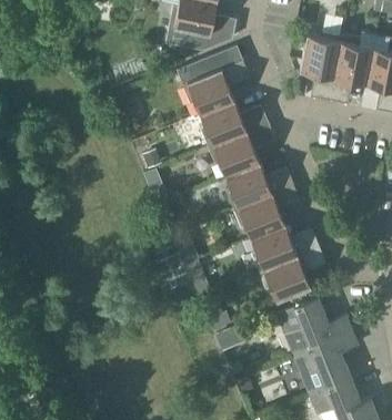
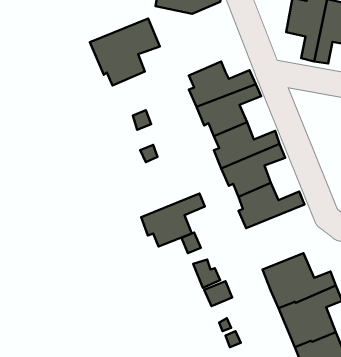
building: [177,45,249,114] -> [90,18,160,86]
building: [259,246,324,300] -> [141,193,205,246]

